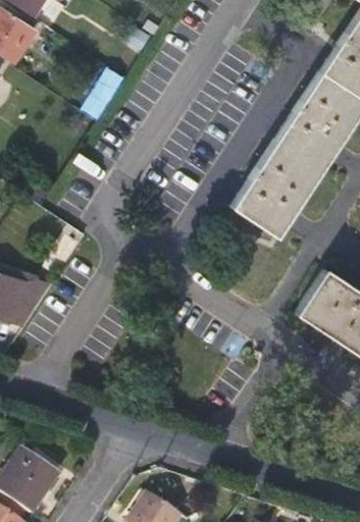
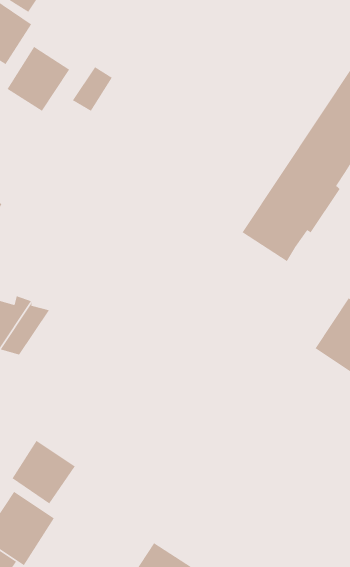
building: none -> [7,46,70,112]
building: none -> [11,440,76,504]

